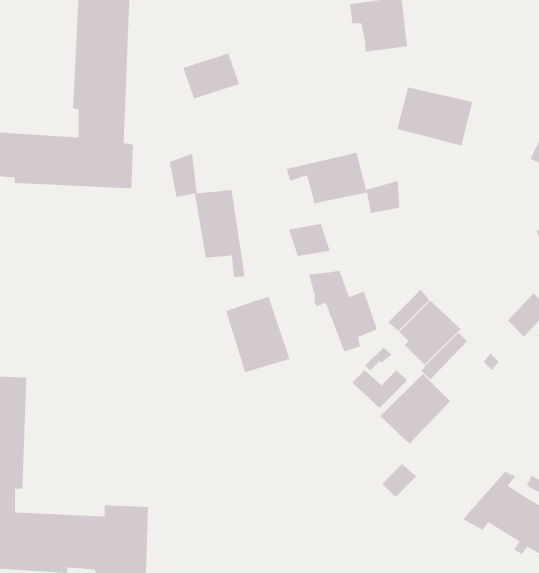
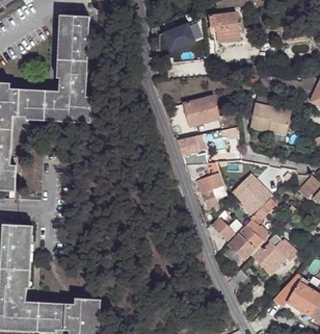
building: [182,53,240,99] -> [163,23,195,49]
building: [396,86,473,147] -> [248,105,291,138]
building: [169,153,245,278] -> none
building: [225,296,290,373] -> none
building: none -> [251,233,295,274]

